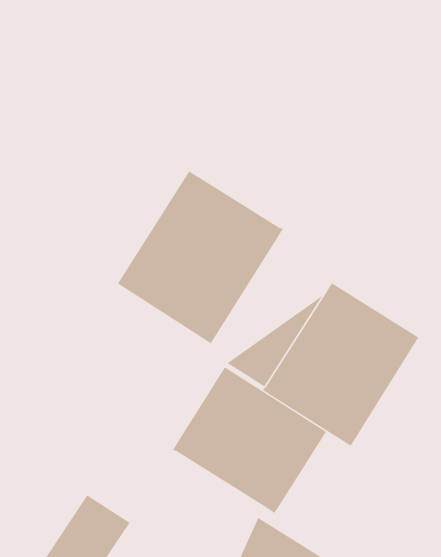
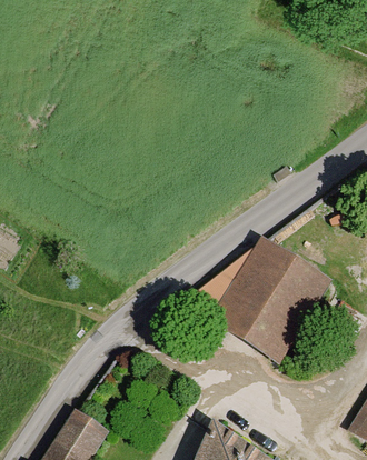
building: [117,170,284,344] -> none
building: [172,366,327,514] -> none

